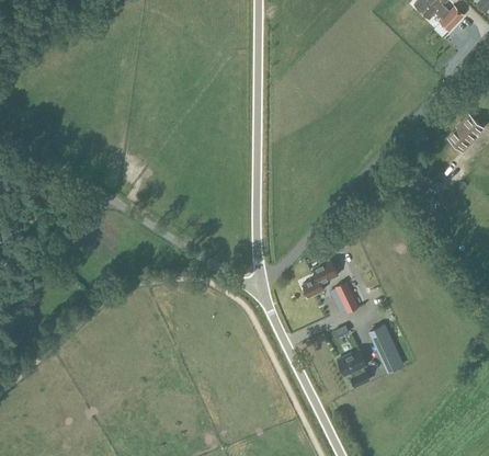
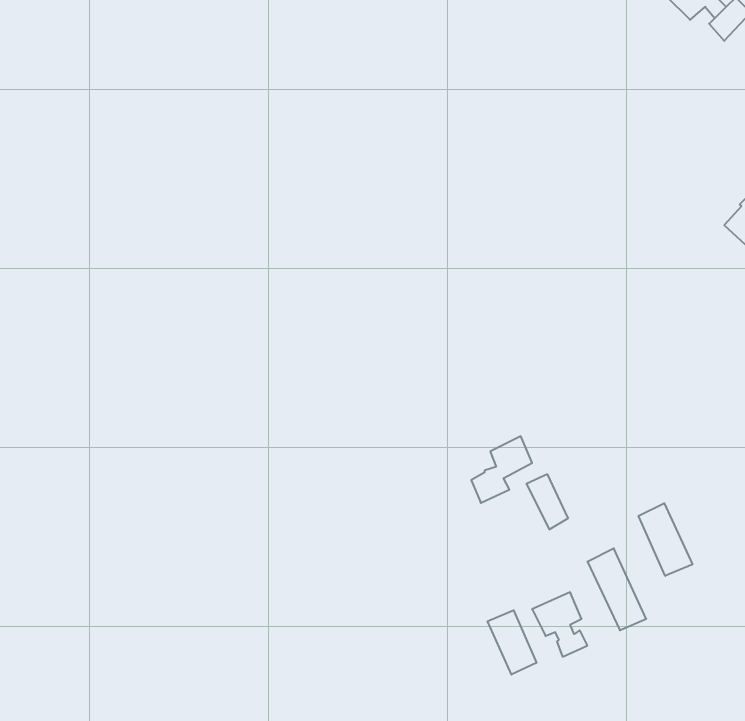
building: none -> [639,503,692,576]
building: none -> [488,610,536,675]

